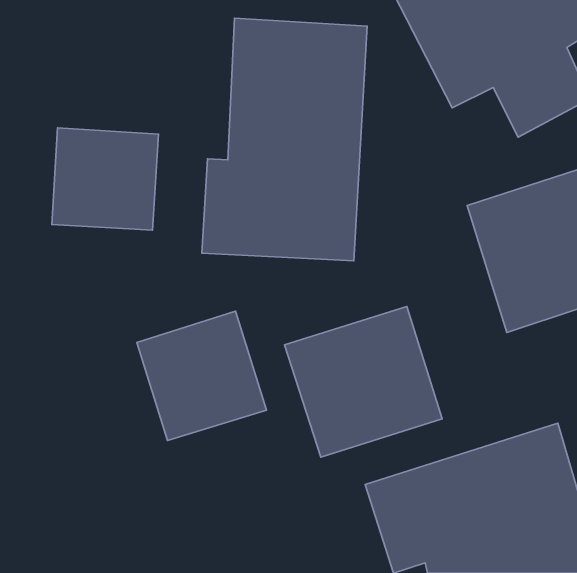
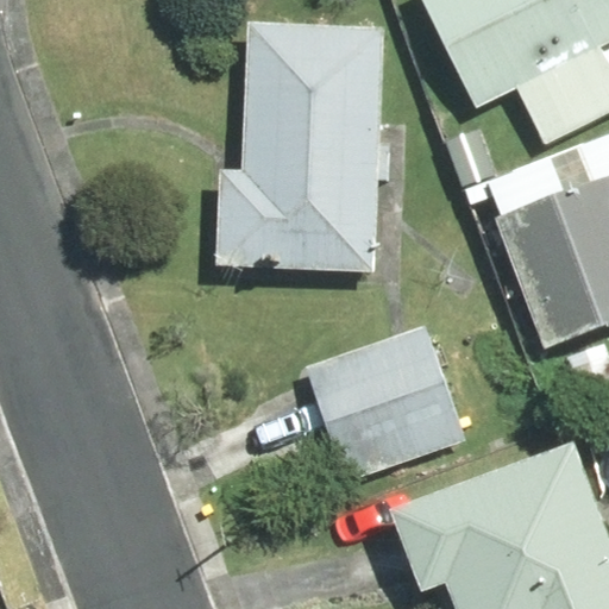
building: [52,128,158,230] -> none
building: [137,311,267,441] -> none

